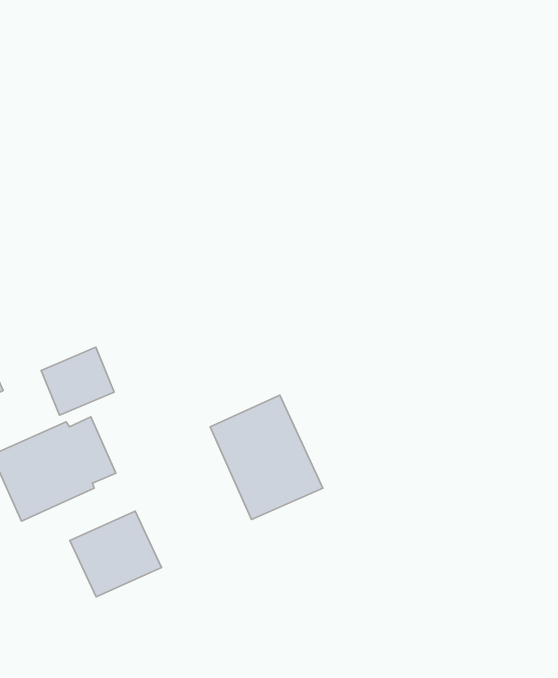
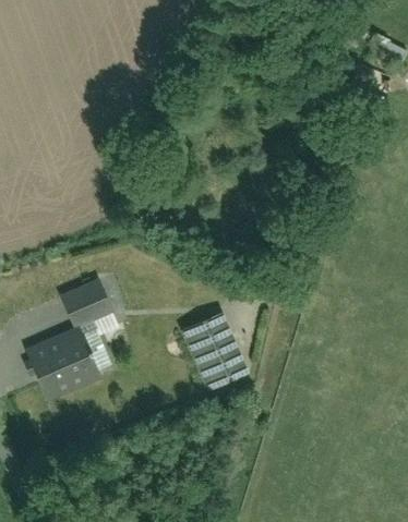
building: [70,511,161,597] -> none

